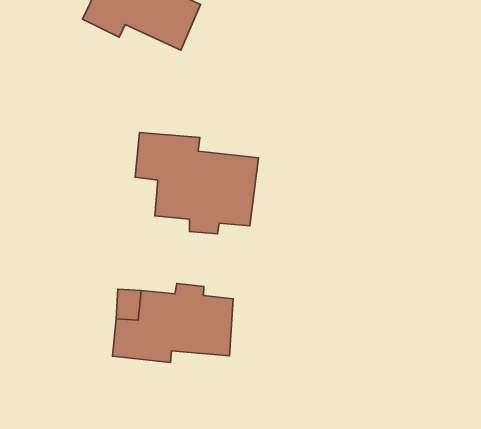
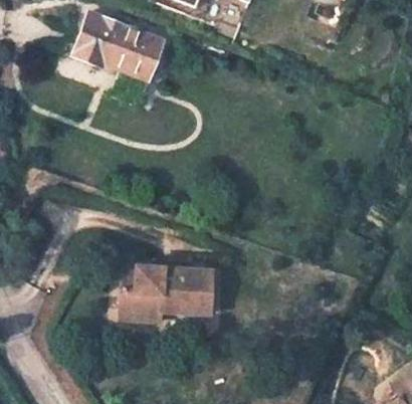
building: [135,132,258,234] -> none

